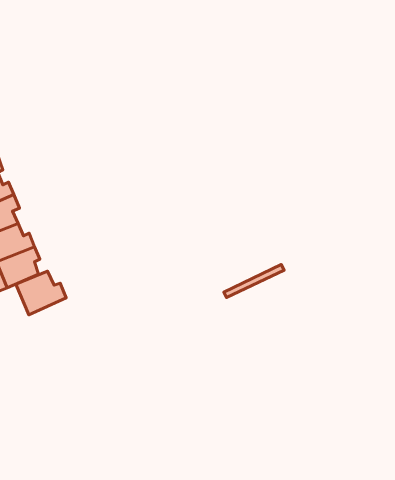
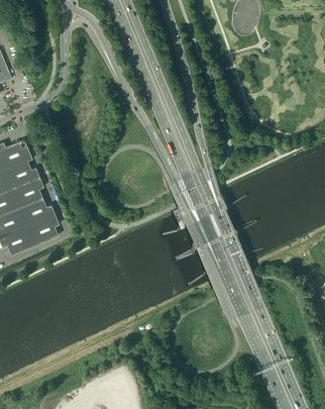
building: [16,271,66,315] -> none

